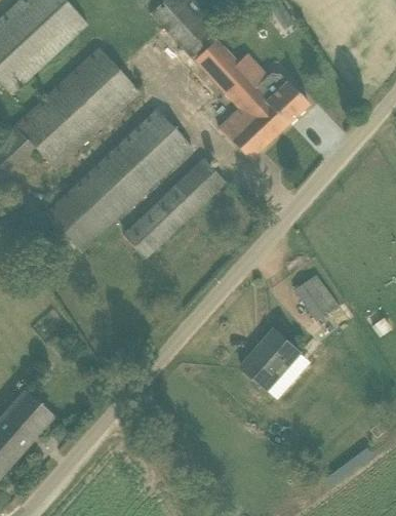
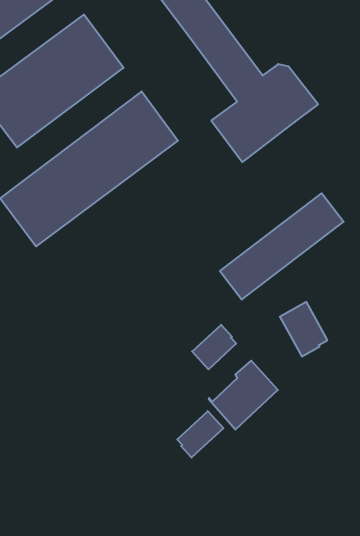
building: [123,159,225,257] -> [220,193,344,300]
building: none -> [192,325,236,369]
building: none -> [177,411,223,458]

